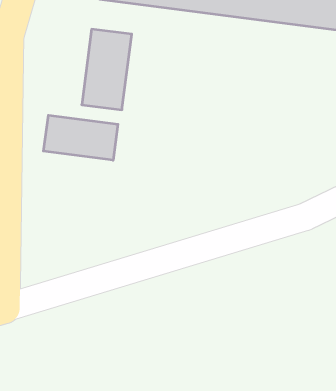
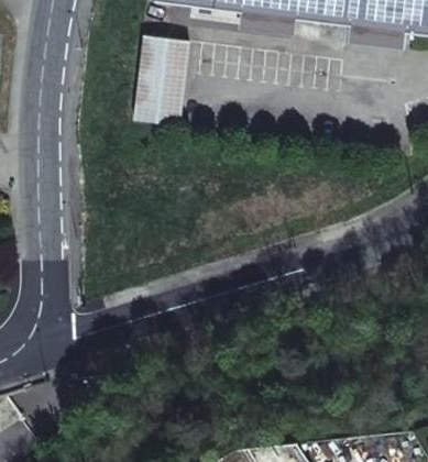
building: [43,115,118,160] -> none

